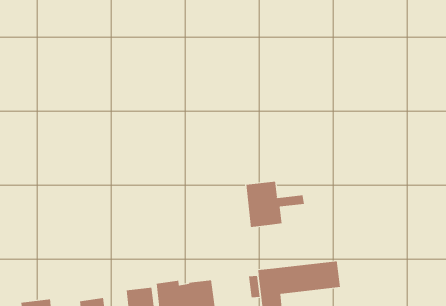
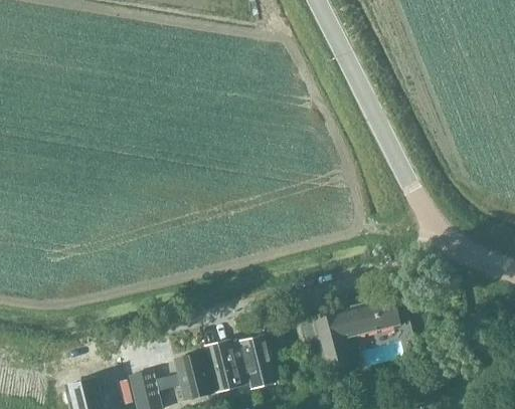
building: [246,181,305,228] -> none

